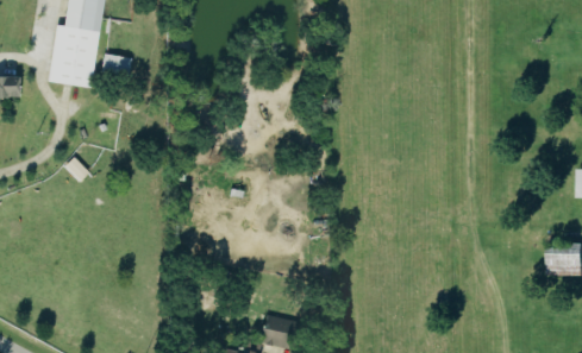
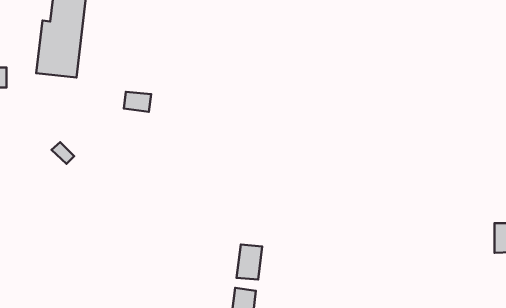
building: [104,55,133,76] -> [124,92,151,112]
building: none -> [237,245,262,280]

